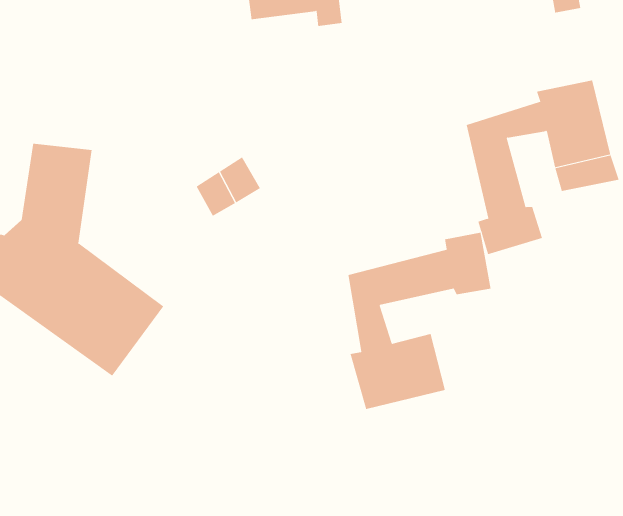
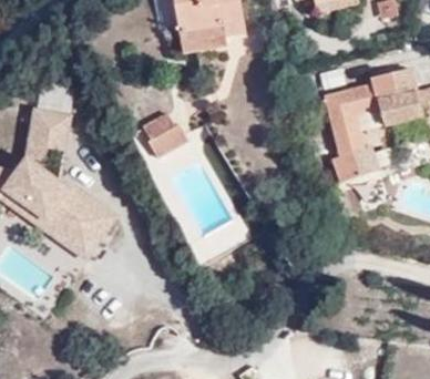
building: none -> [181,20,227,49]
building: [348,232,491,410] -> none

